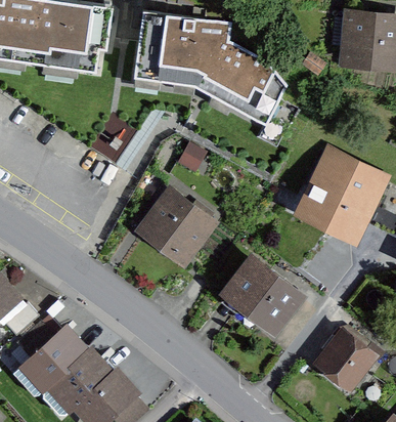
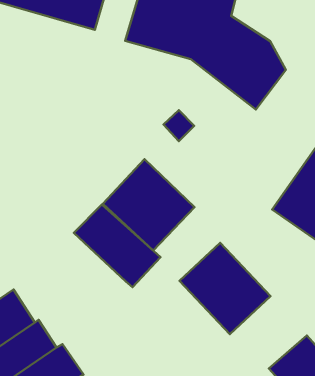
building: none -> [74,204,161,287]

